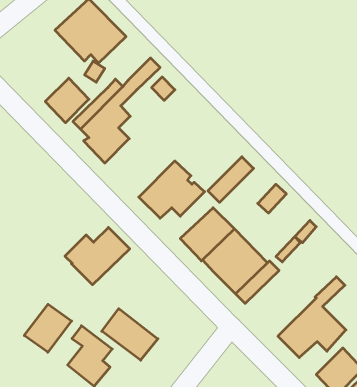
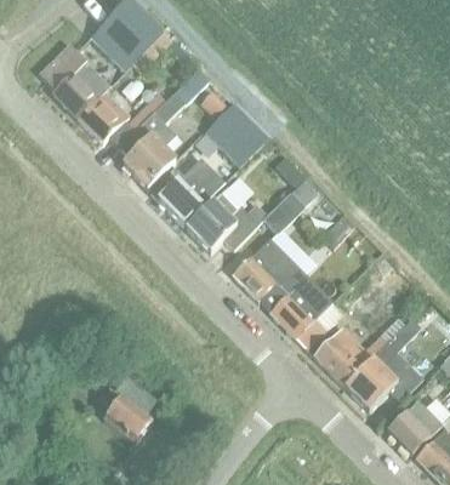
building: none -> [40,44,110,118]
building: none -> [206,107,266,166]
building: [65,227,130,285] -> [150,158,224,223]
building: none -> [315,327,388,386]
building: [24,304,72,352] -> none
building: [102,309,158,360] -> none

